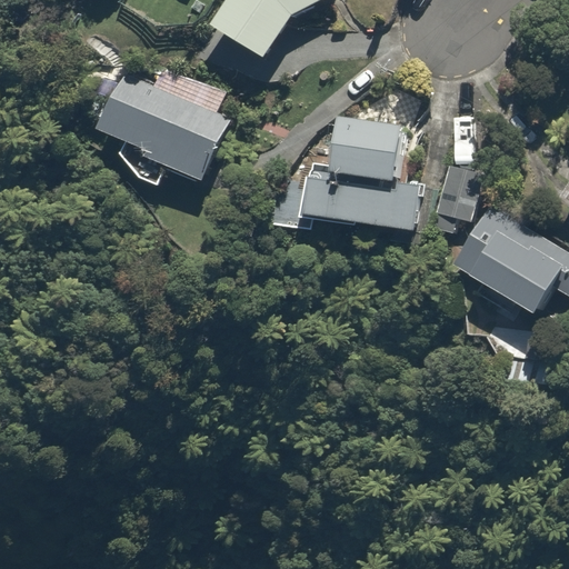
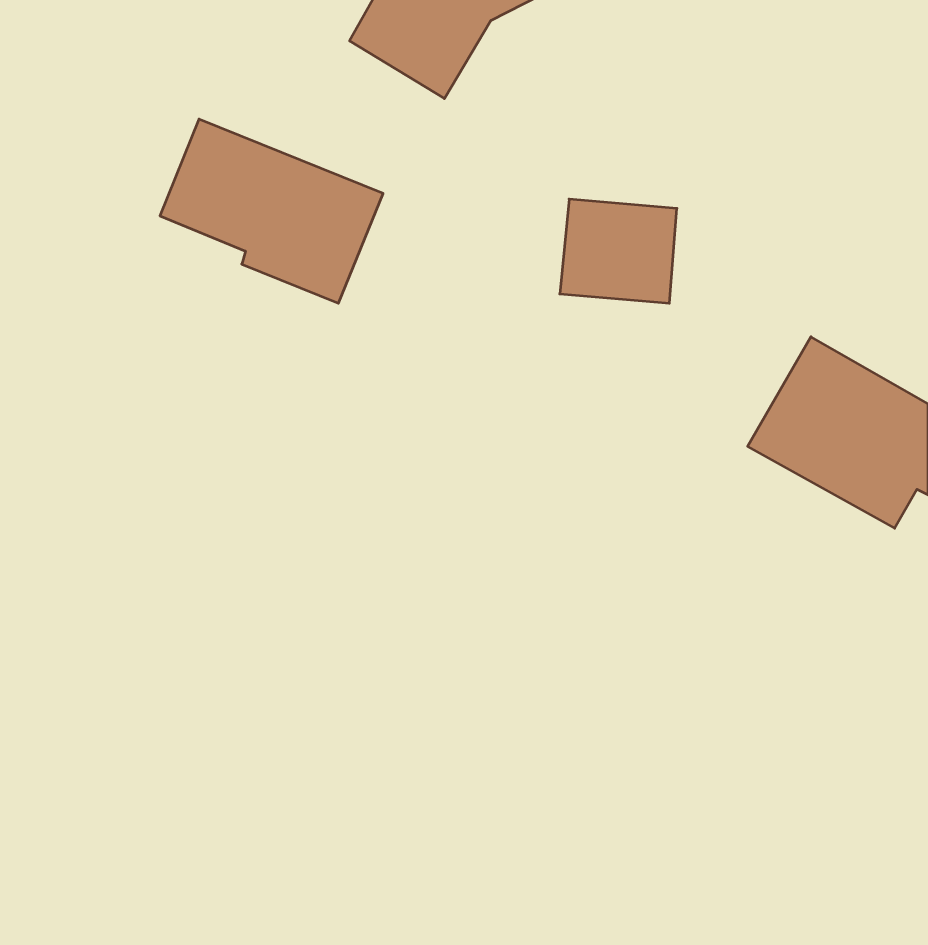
building: [430,162,476,220] -> none
building: [293,174,420,231] -> none

